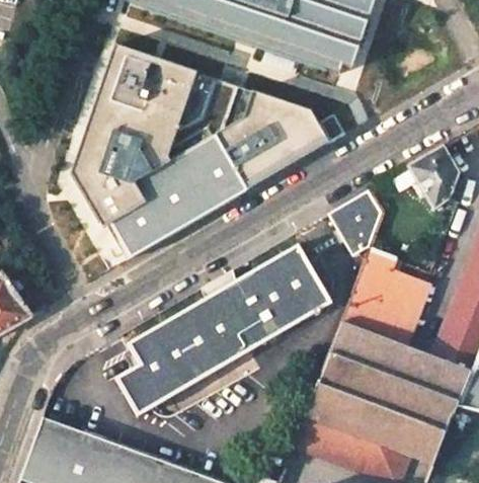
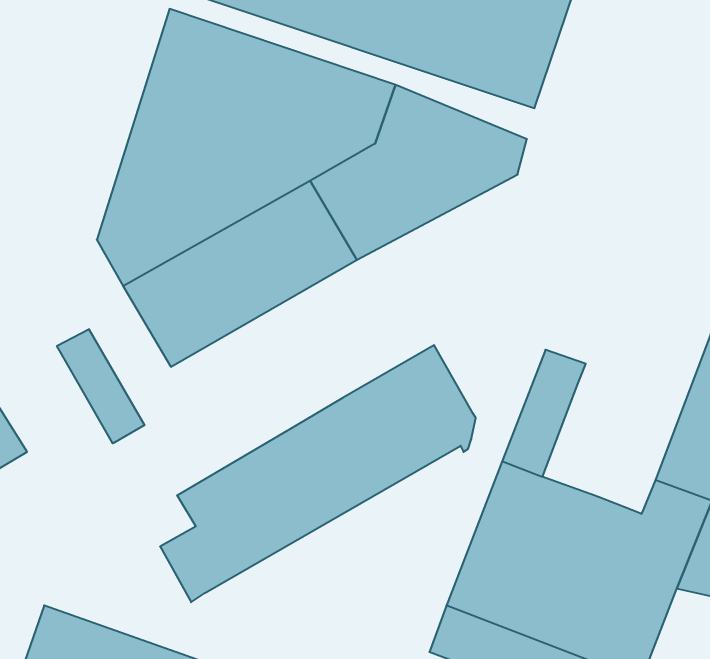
building: [407,146,459,211] -> none
building: [327,189,383,256] -> none
building: none -> [57,329,144,443]
building: [368,271,427,345] -> none

